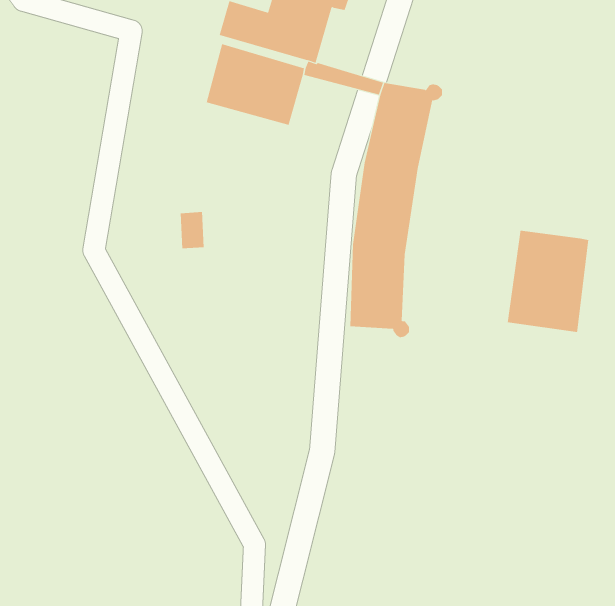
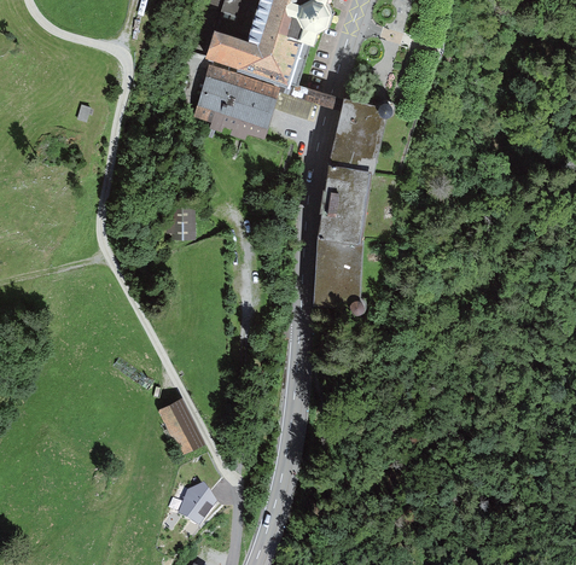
building: [507,230,589,333] -> none
building: none -> [157,401,204,458]
building: none -> [179,487,214,526]

